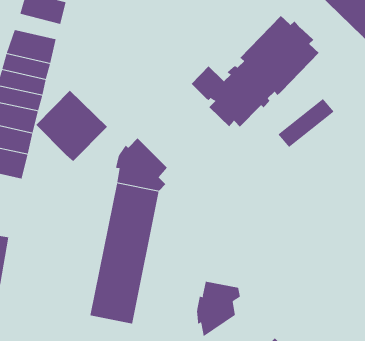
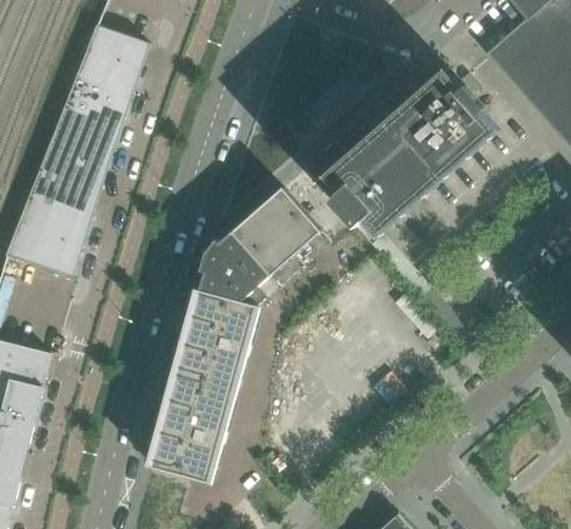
building: none -> [76,55,139,92]
building: [35,90,108,162] -> [232,188,329,285]
building: [277,98,335,148] -> none
building: [197,281,240,337] -> none

